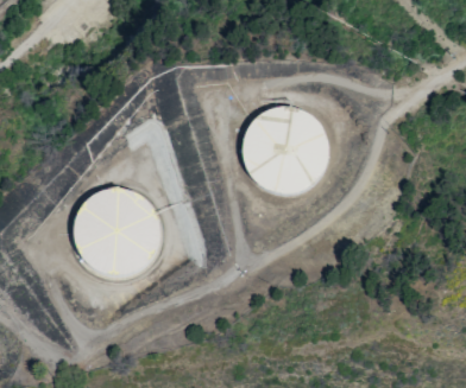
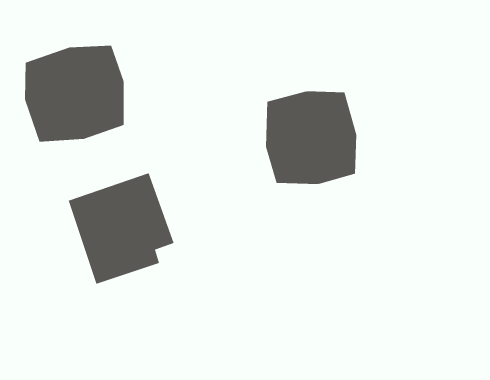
building: none -> [25,45,124,143]

